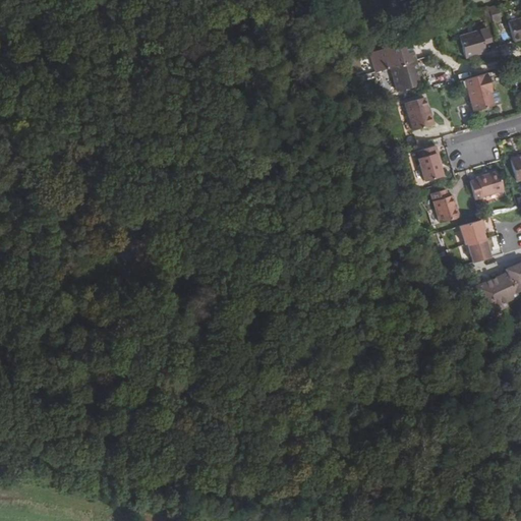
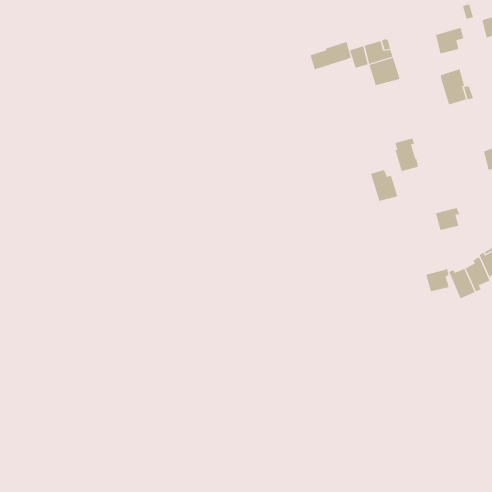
building: none -> [310,41,351,70]
building: [404,97,432,130] -> none
building: [470,171,504,197] -> none
building: [430,189,460,223] -> [370,170,398,201]
building: [466,236,491,262] -> [425,268,449,292]

